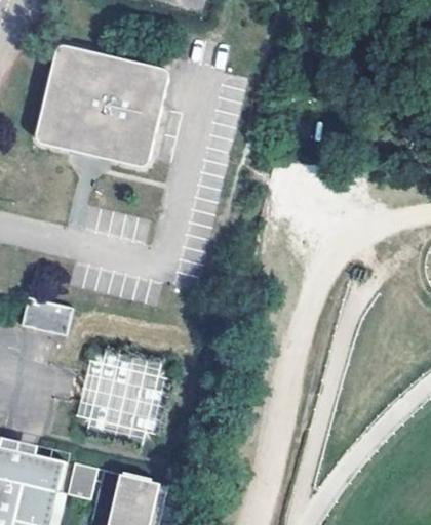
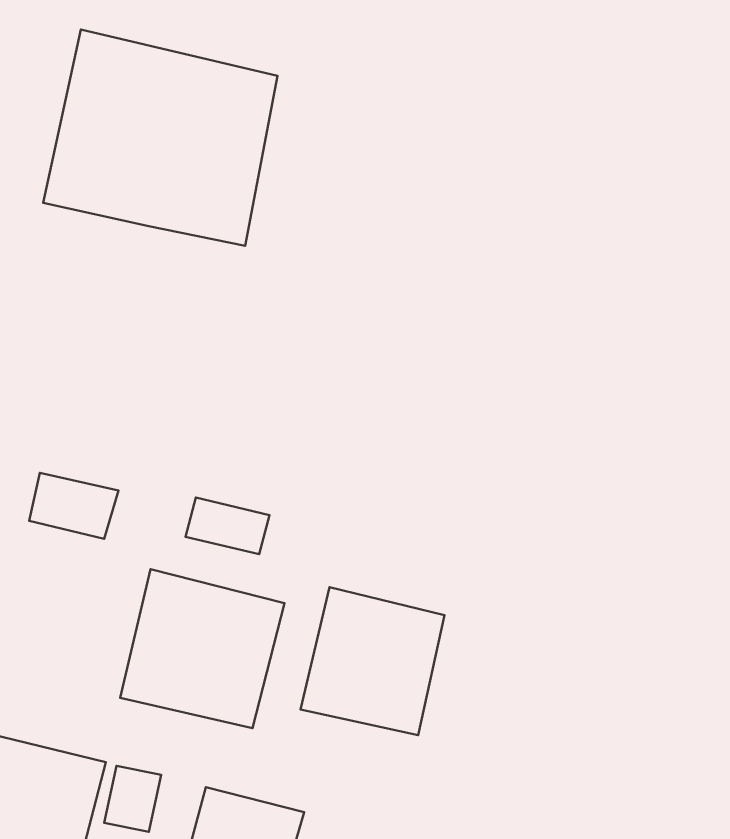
building: none -> [185,498,270,554]
building: none -> [300,587,444,735]

